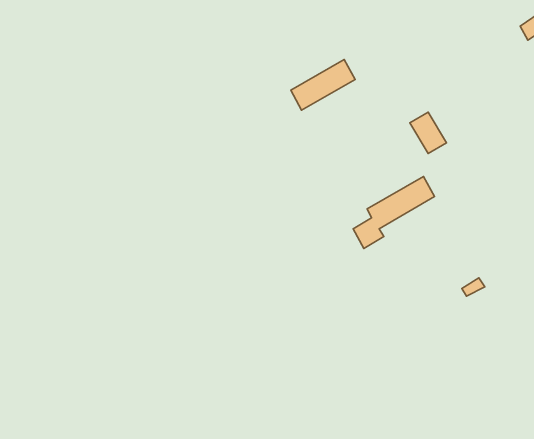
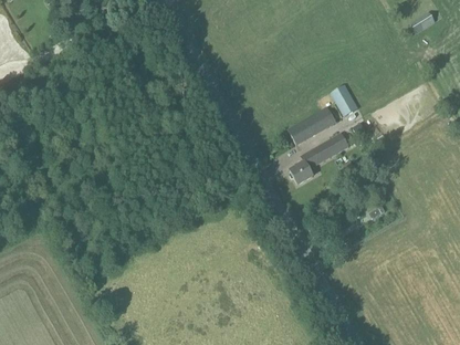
building: [291,60,355,110] -> [288,106,334,143]

